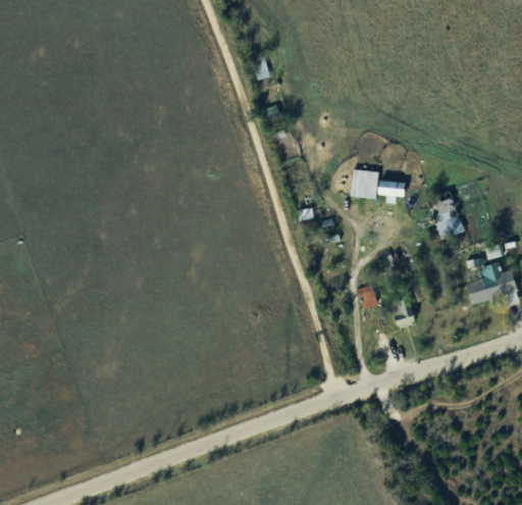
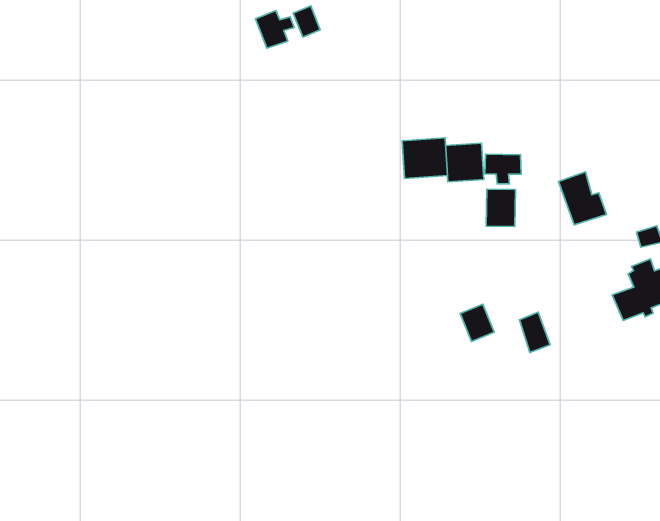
building: none -> [255,11,294,48]
building: none -> [402,138,447,178]
building: none -> [486,189,515,227]

